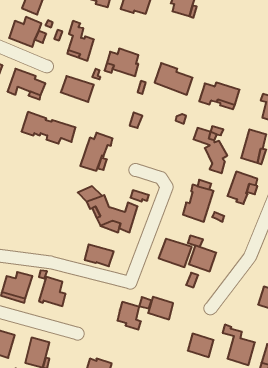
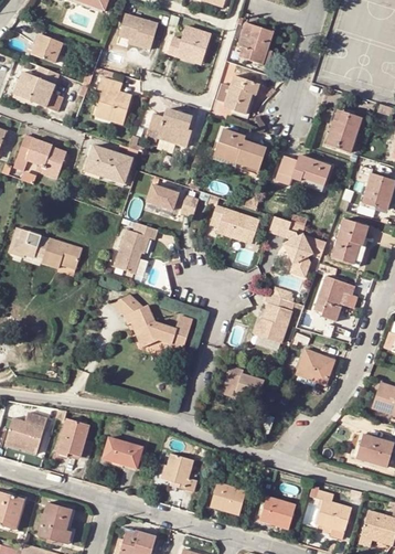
building: none -> [215,75,258,114]
building: none -> [325,110,360,152]
building: none -> [145,183,180,213]
building: [21,112,76,144] -> [8,225,82,268]
building: none -> [209,205,259,245]
building: [85,244,114,266] -> [103,437,142,467]
building: [189,245,216,271] -> [296,349,333,384]
building: [148,297,173,319] -> [211,483,245,514]

